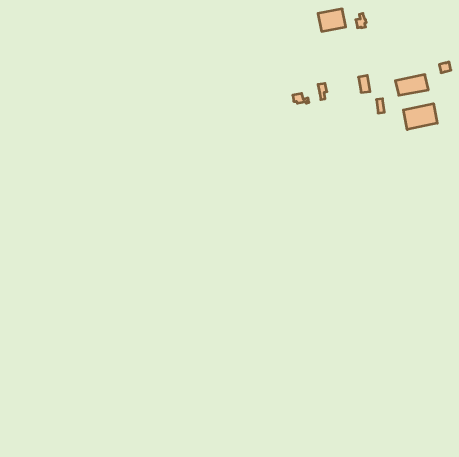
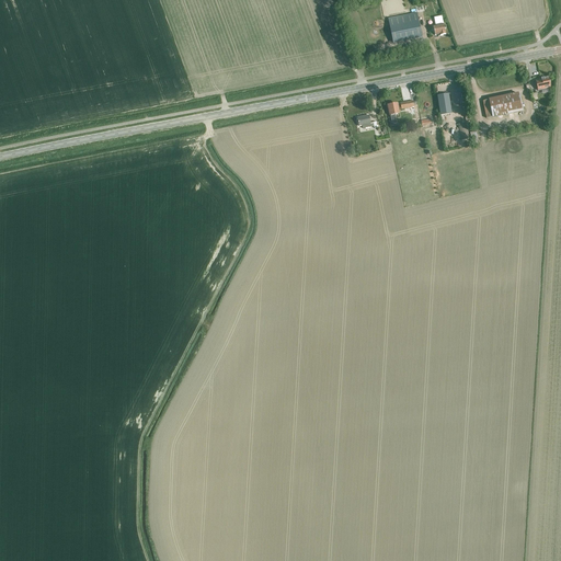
building: [403,104,437,130] -> none

